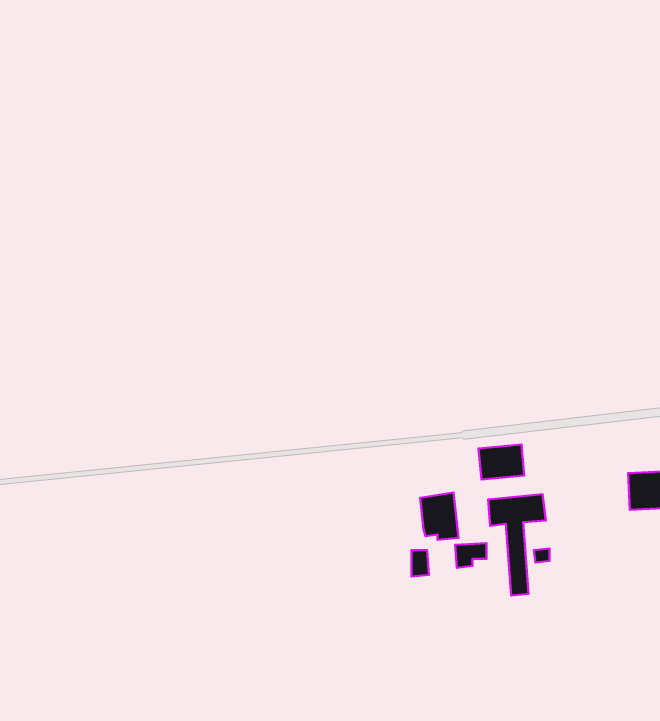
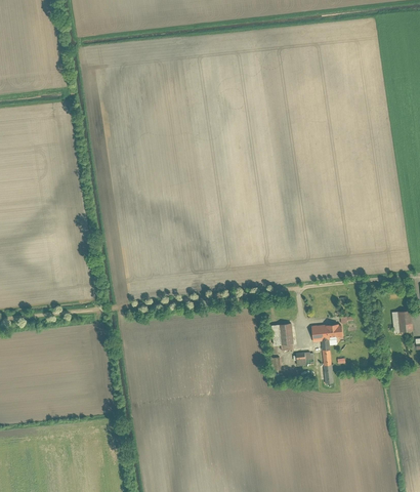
building: [479,444,524,480] -> none

